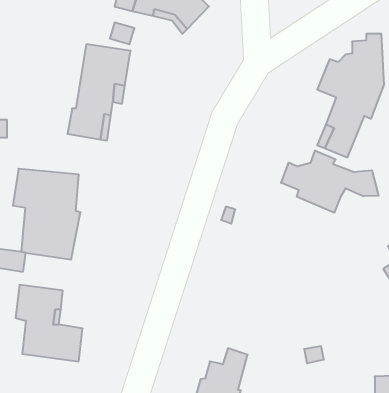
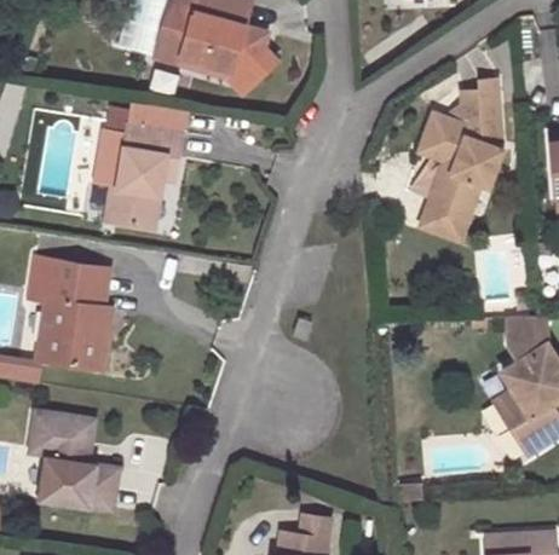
building: [281,150,379,213] -> none

